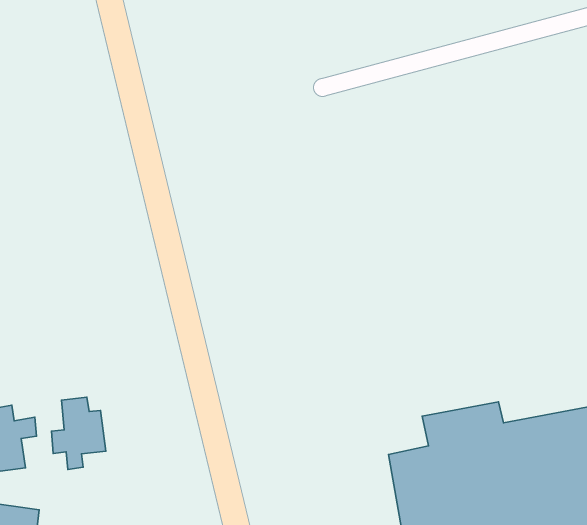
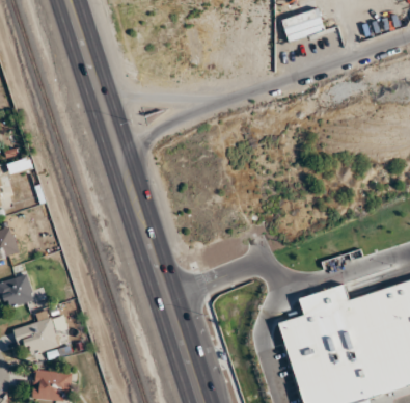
building: [51,397,106,470] -> none

